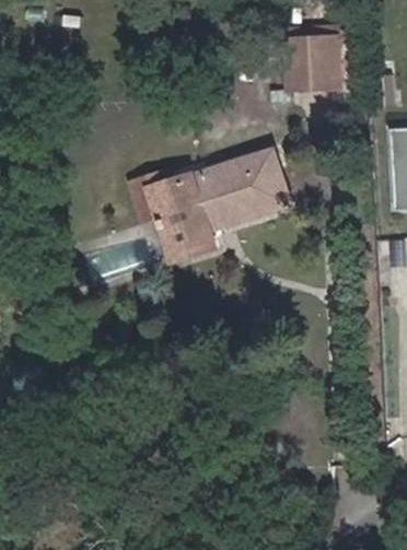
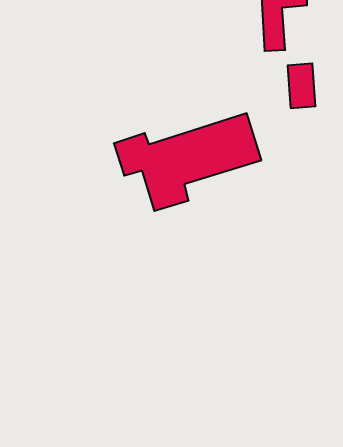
building: [309,40,338,87] -> [288,63,316,108]

